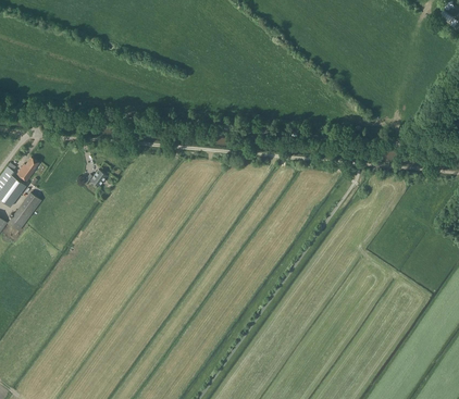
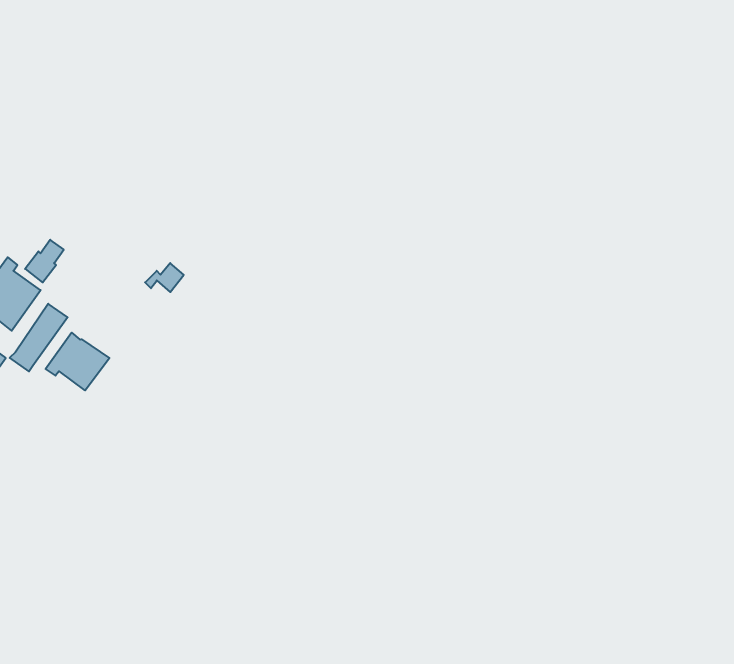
building: none -> [46,333,109,390]

